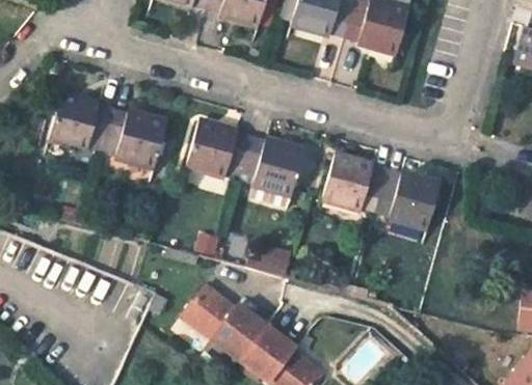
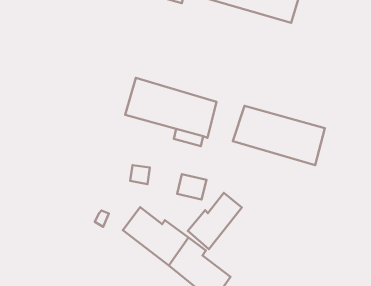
building: [50,94,165,168] -> none
building: none -> [188,193,242,249]

